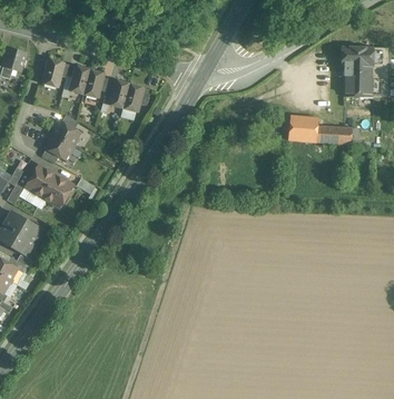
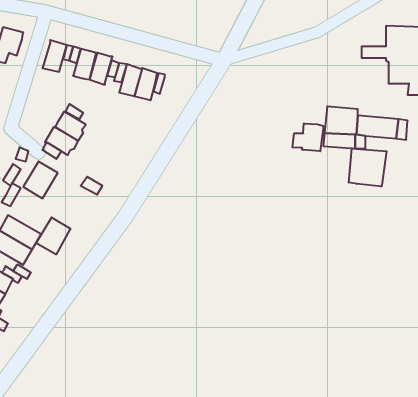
building: none -> [292,123,323,151]
building: none -> [349,148,387,187]
building: [41,174,71,206] -> [36,217,71,254]

